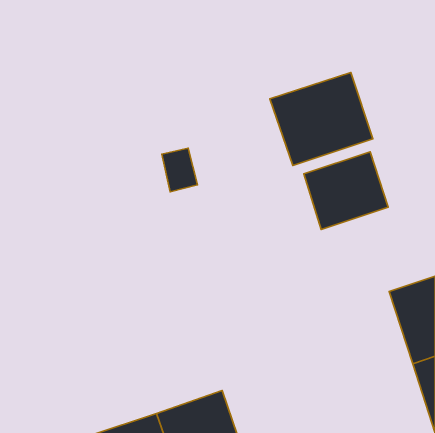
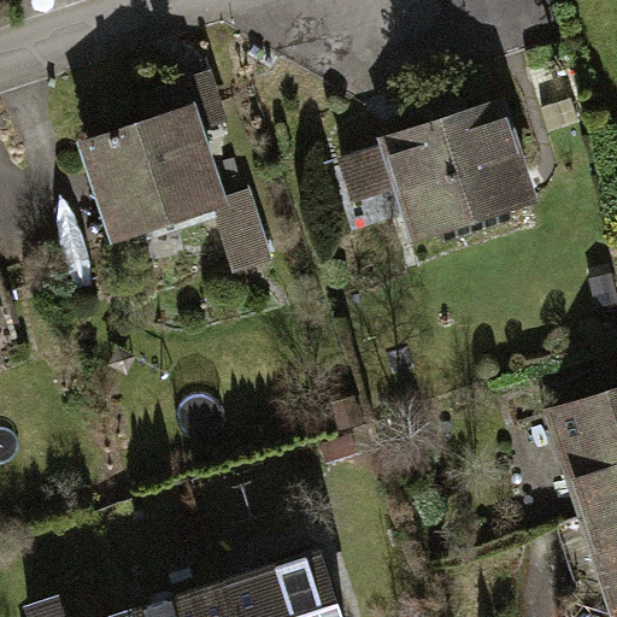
building: none -> [84,89,212,237]
building: [304,152,388,230] -> none

